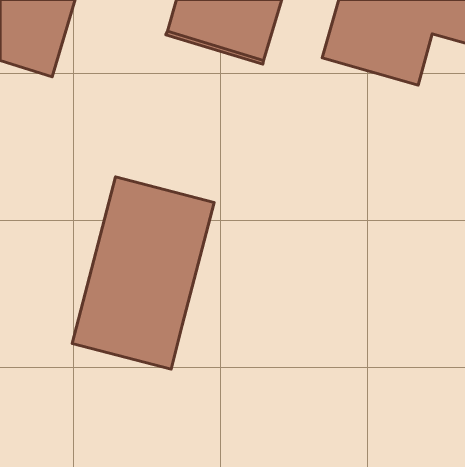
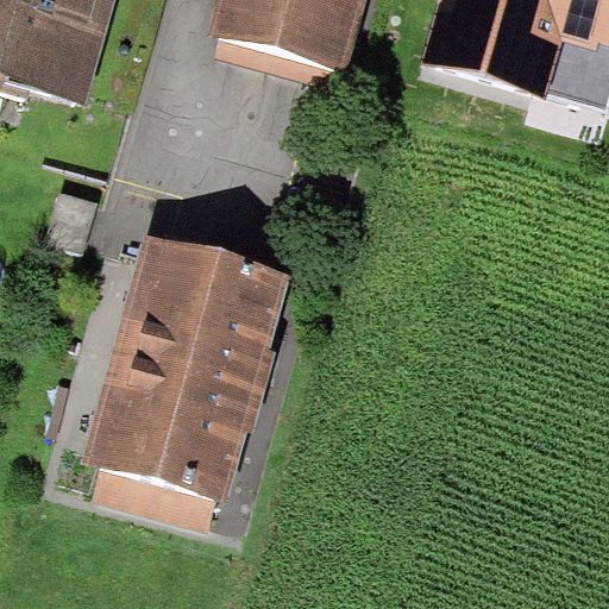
building: none -> [84,446,226,532]

